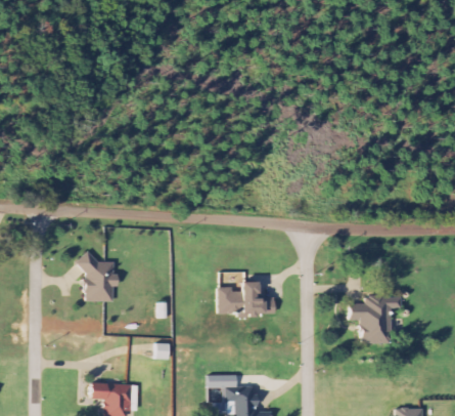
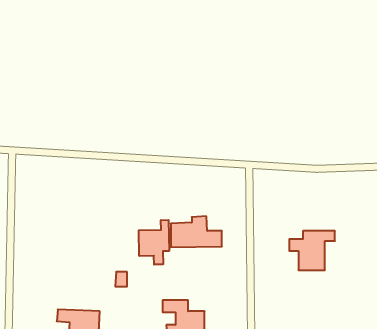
building: [83,257,116,300] -> none
building: none -> [139,220,169,265]

